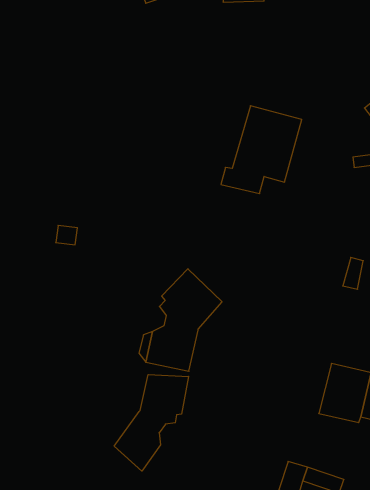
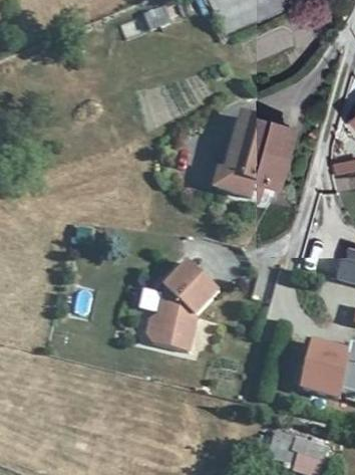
building: [114,375,189,471] -> none

